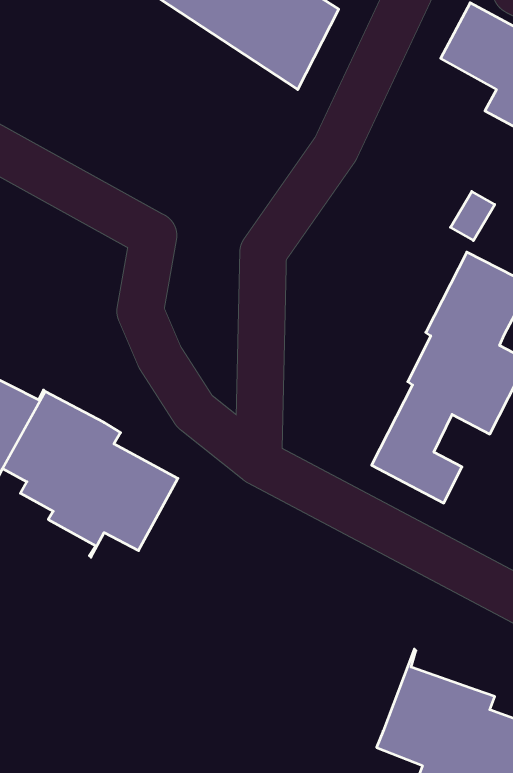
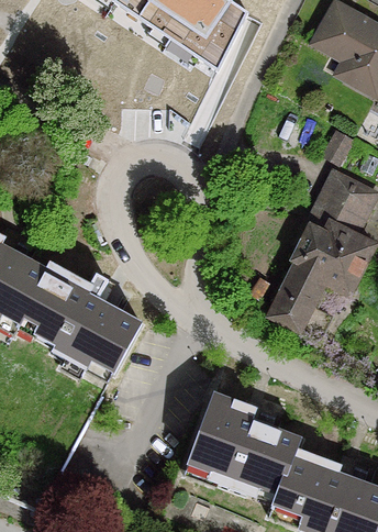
building: none -> [187,394,297,492]

